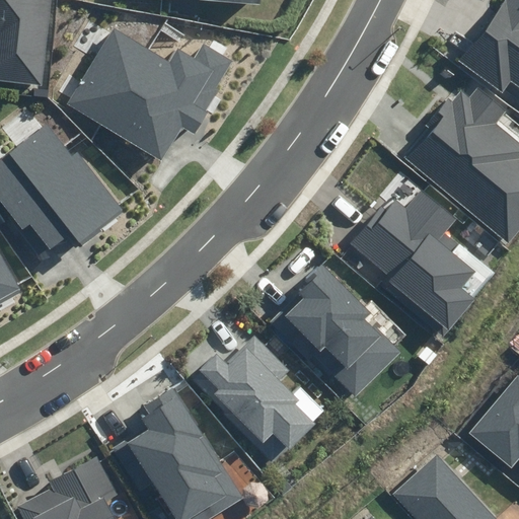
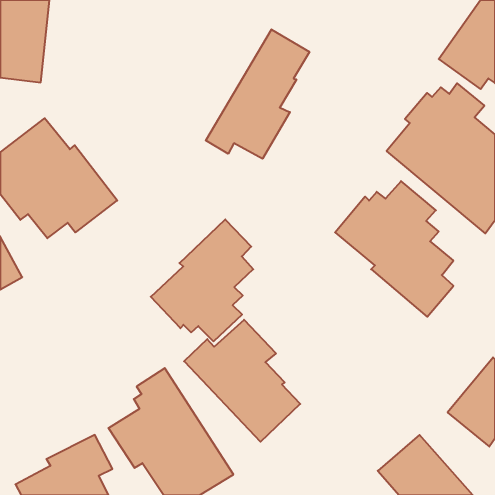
building: [67,27,233,160] -> none
building: none -> [206,29,309,159]
building: none -> [151,219,253,341]
building: [271,265,399,396] -> none

